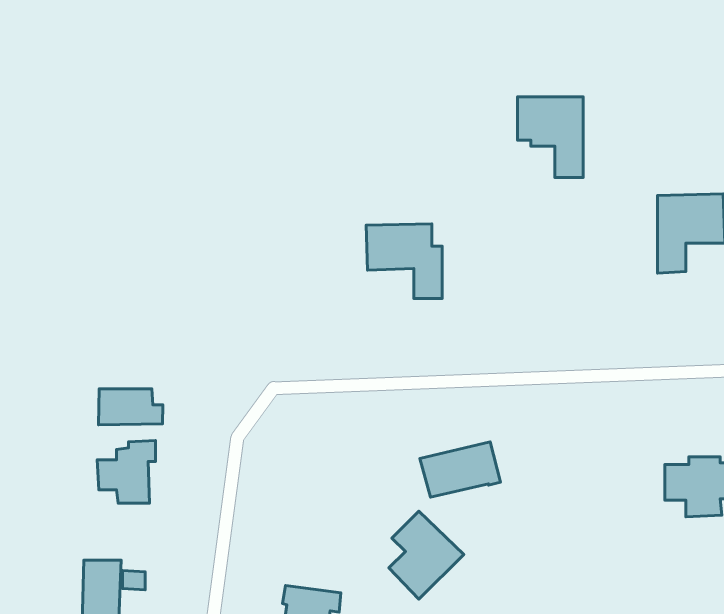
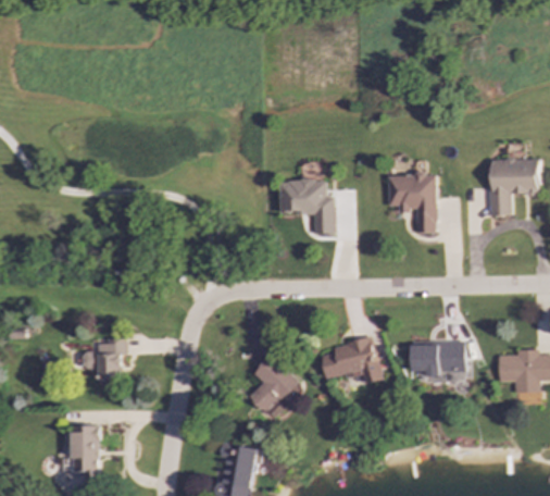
building: [517,97,583,178] -> [389,175,437,234]
building: [98,389,163,425] -> none
building: none -> [410,342,464,374]
building: [389,511,464,599] -> [249,356,303,420]

